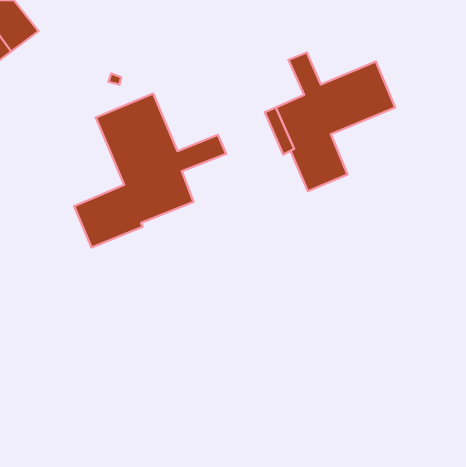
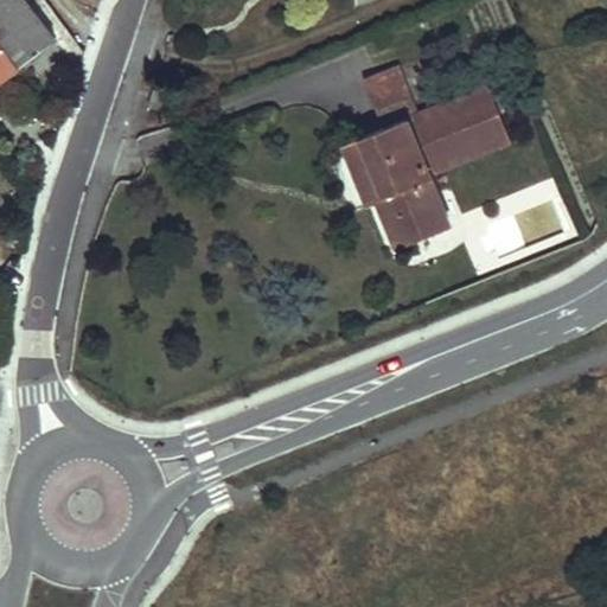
building: [74,94,226,248] -> none

